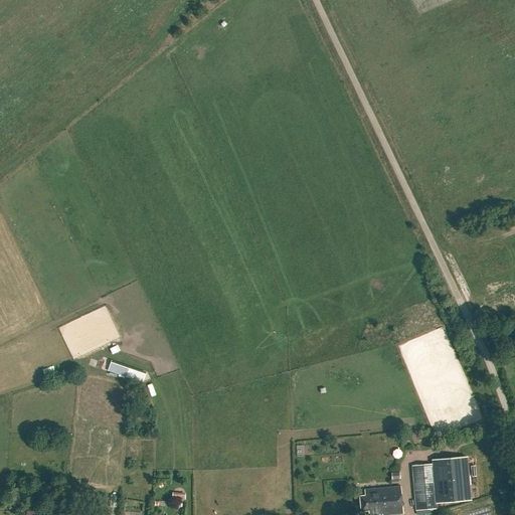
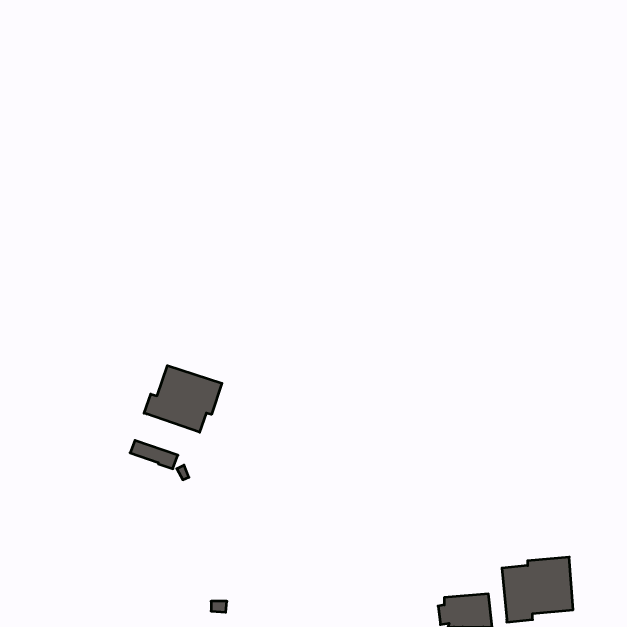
building: none -> [144,366,222,432]

